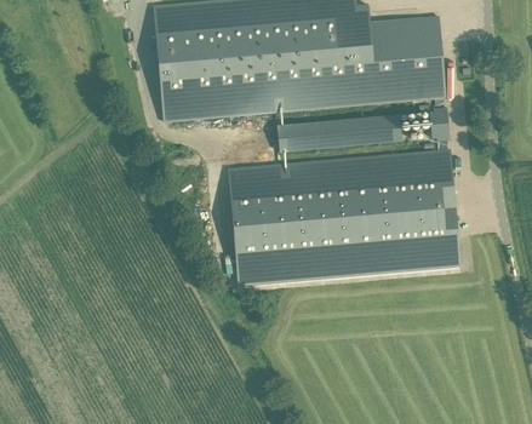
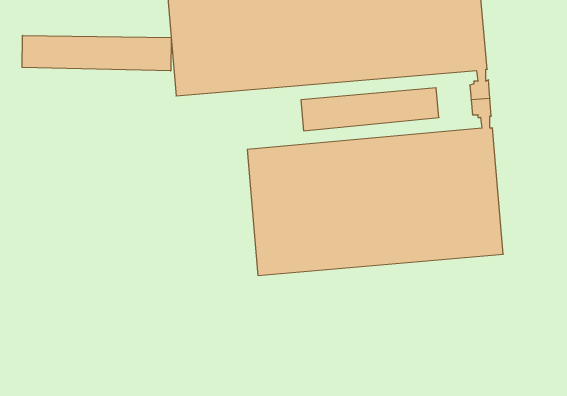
building: none -> [22,35,171,71]

